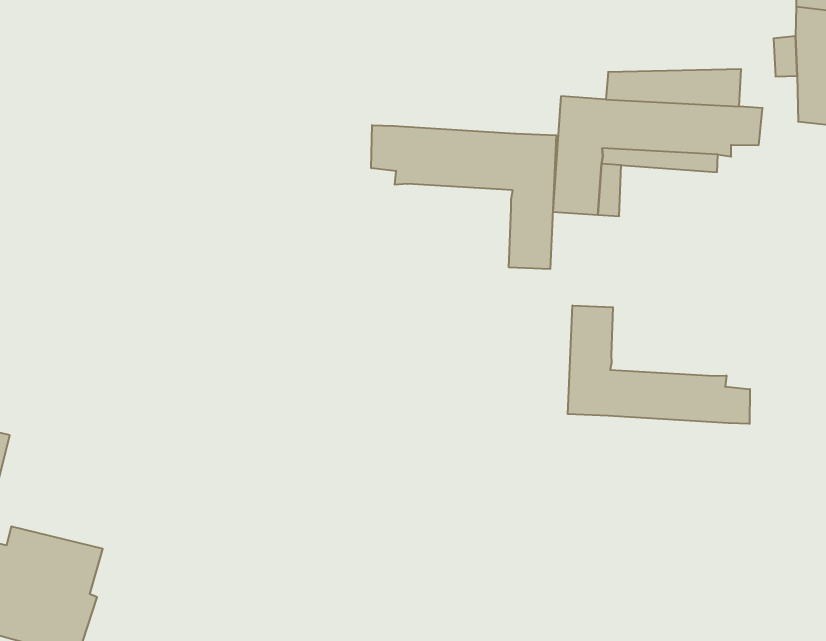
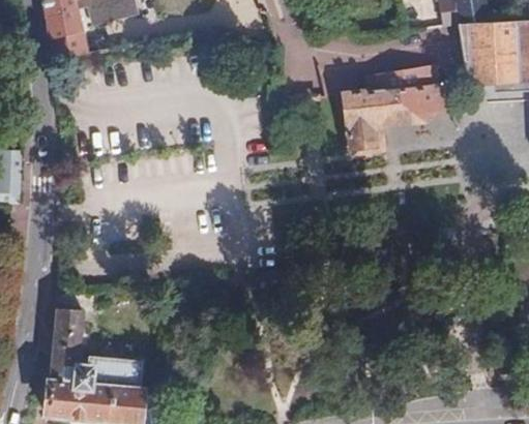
building: [371,125,556,269] -> none
building: [568,305,750,424] -> none

